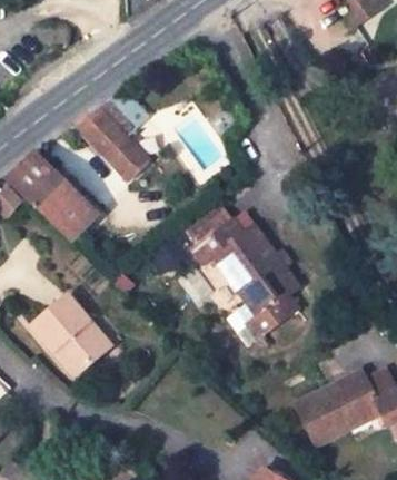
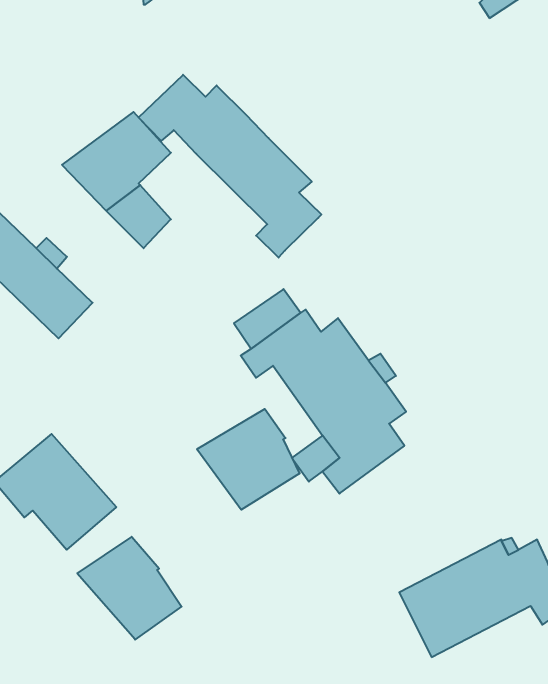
building: none -> [138,75,321,258]
building: none -> [197,409,300,510]
building: none -> [77,537,182,640]

